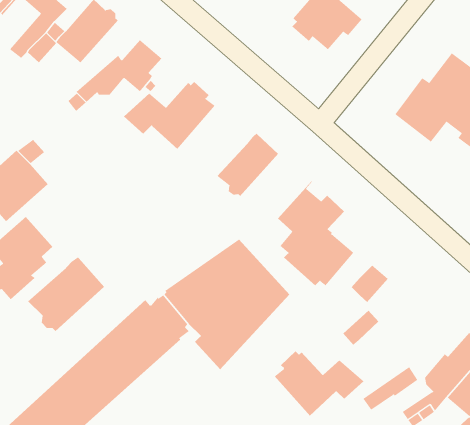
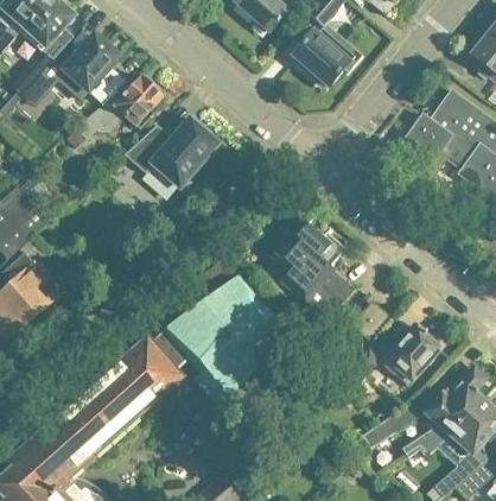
building: [217,133,279,197] -> none
building: [27,256,105,332] -> none
building: none -> [382,325,441,383]
building: [274,351,364,417] -> none

